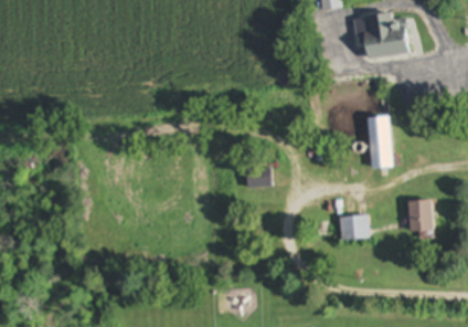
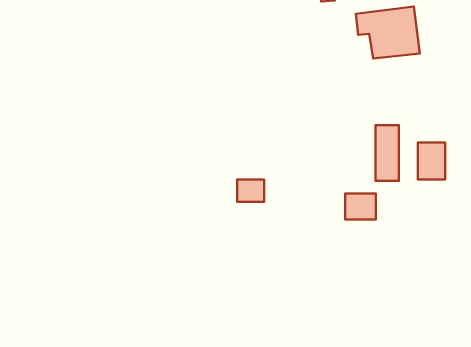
building: [410,198,434,231] -> [418,143,445,180]
building: [340,214,368,238] -> [345,193,376,219]

